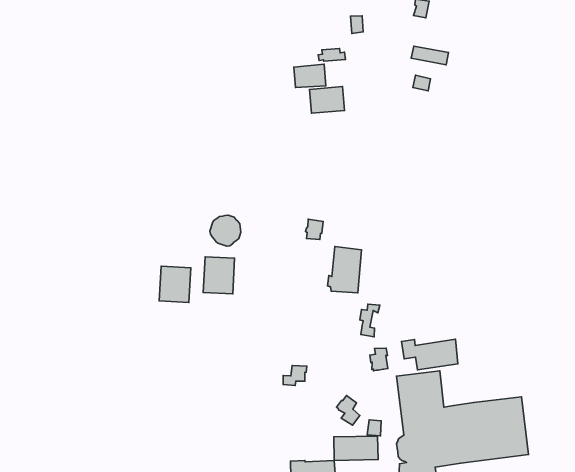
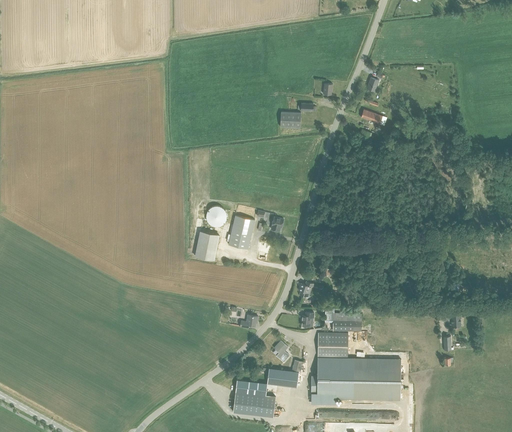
building: [310,87,344,113] -> none
building: [327,247,362,293] -> [226,214,253,248]
building: [159,266,191,303] -> none

